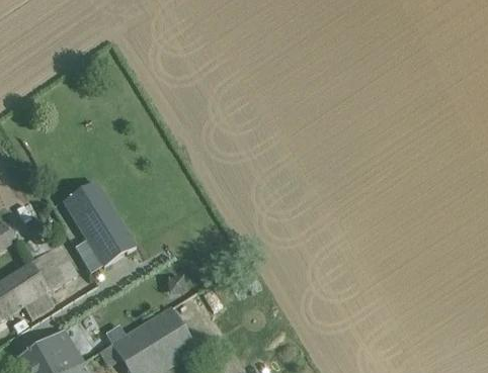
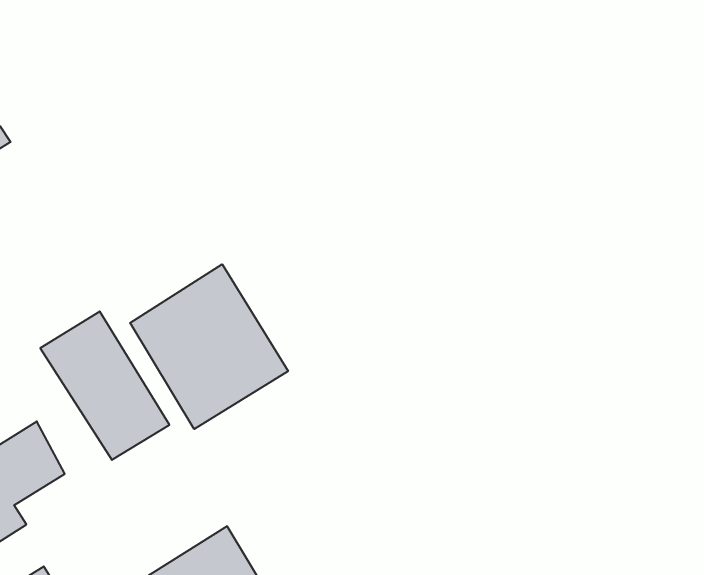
building: none -> [130,264,288,429]

